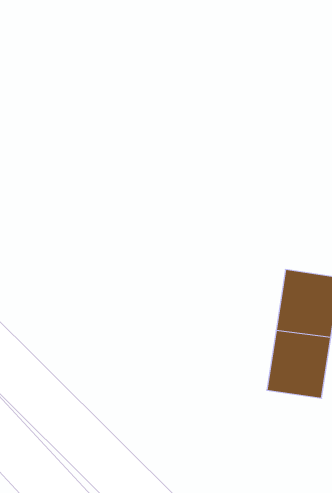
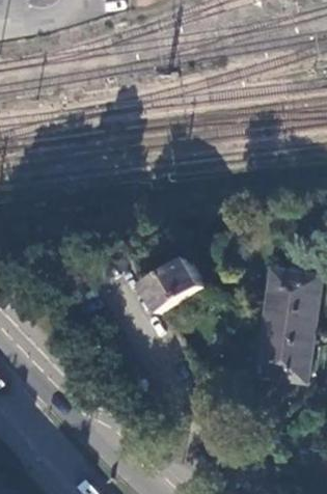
building: none -> [146,254,203,310]

